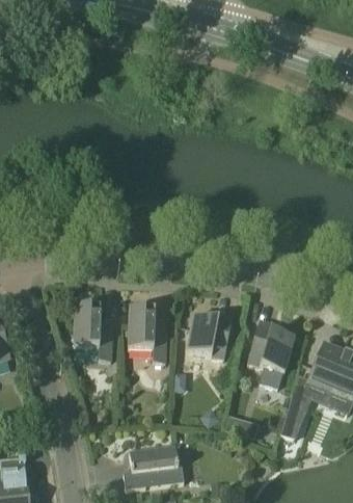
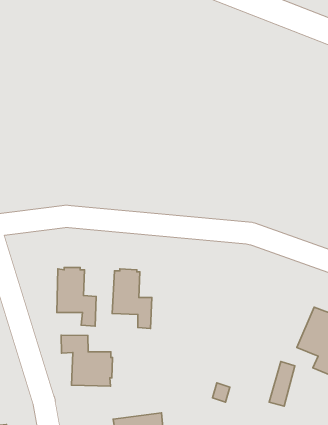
building: [187,311,233,358] -> none
building: [247,318,294,387] -> none
building: none -> [61,335,113,386]

